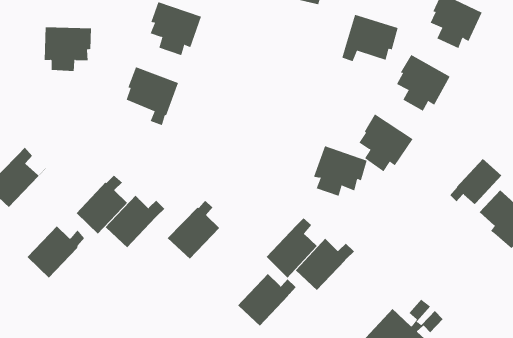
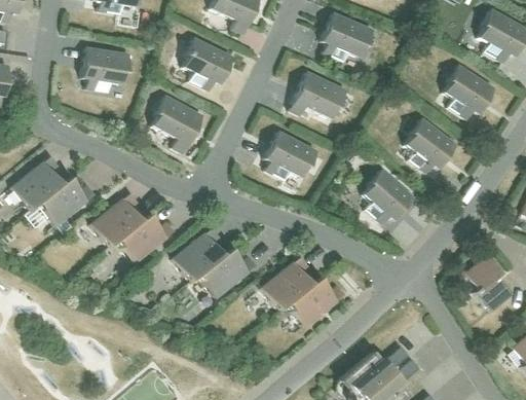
building: [342,14,398,62] -> [291,71,347,118]
building: [313,145,367,197] -> [265,131,317,180]
building: [450,158,502,213] -> none
building: [19,225,85,279] -> [31,178,96,226]
building: [230,273,296,326] -> [192,249,257,297]

